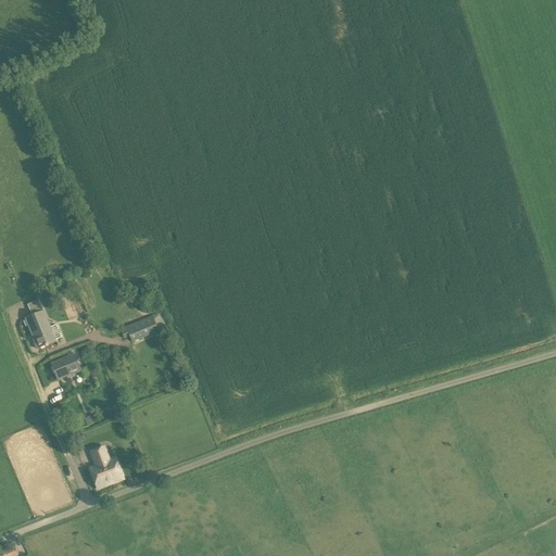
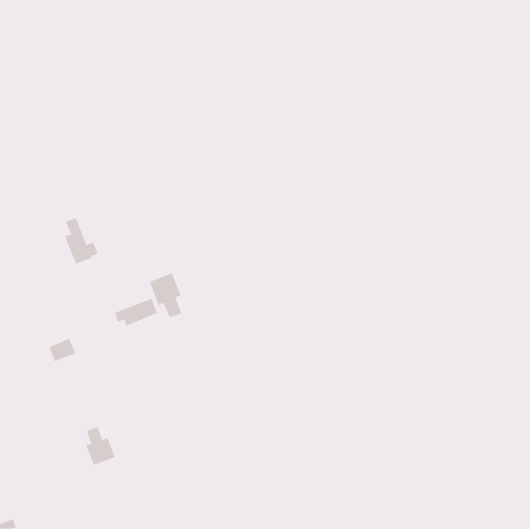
building: none -> [149,273,182,318]
building: [25,298,61,346] -> [64,218,98,264]

